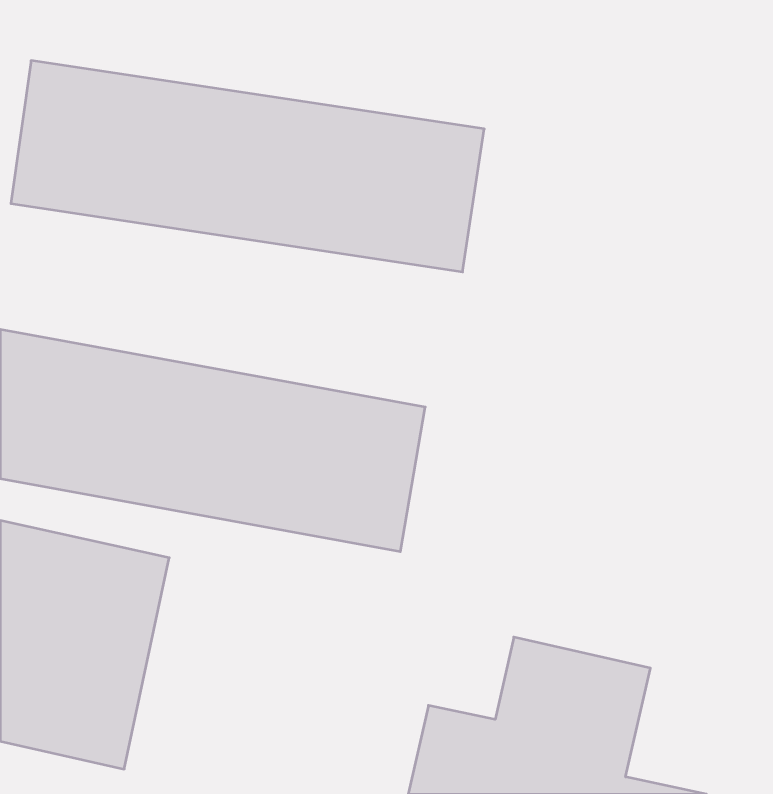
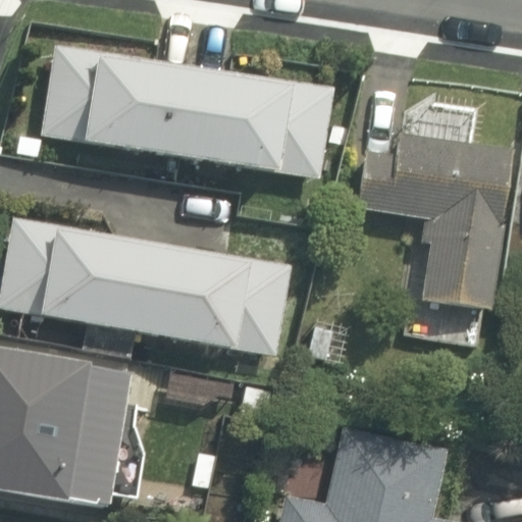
building: none -> [362,139,517,317]

